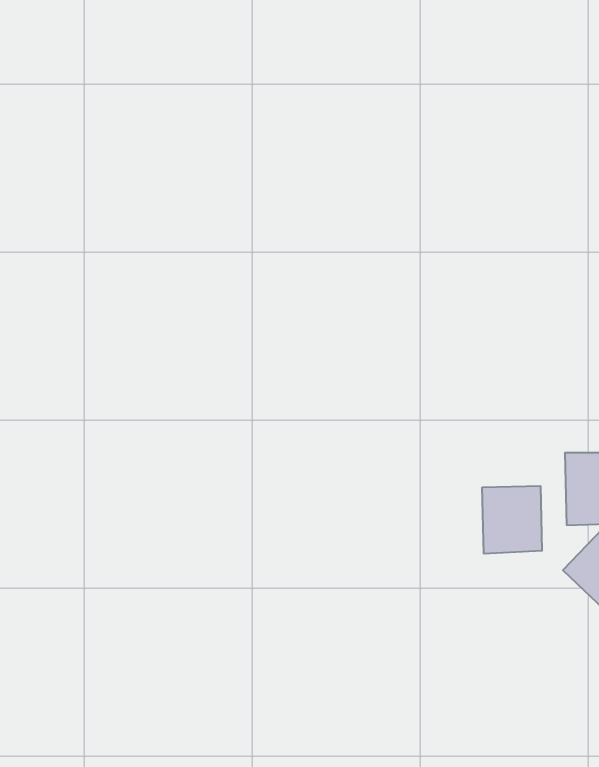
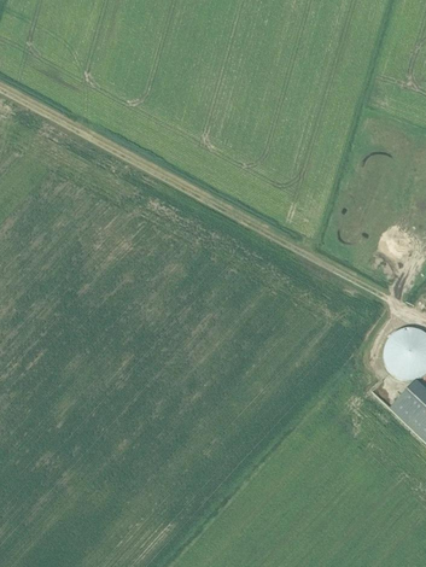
building: [482,486,542,554] -> none

